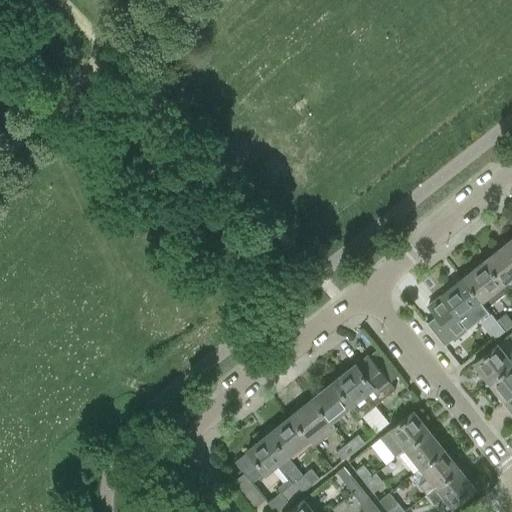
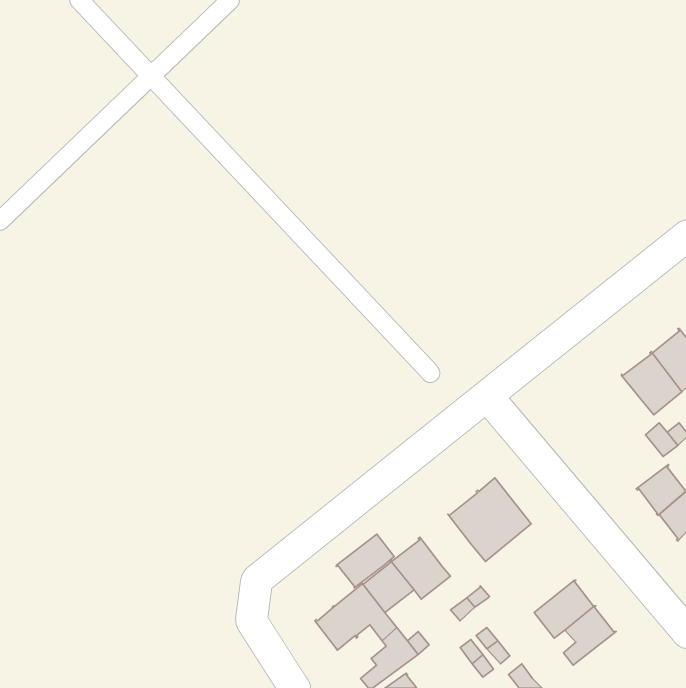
building: [427,279,489,347] -> none
building: [313,382,351,421] -> none
building: none -> [336,534,394,588]
building: [380,412,428,457] -> none
building: [427,469,474,507] -> none

